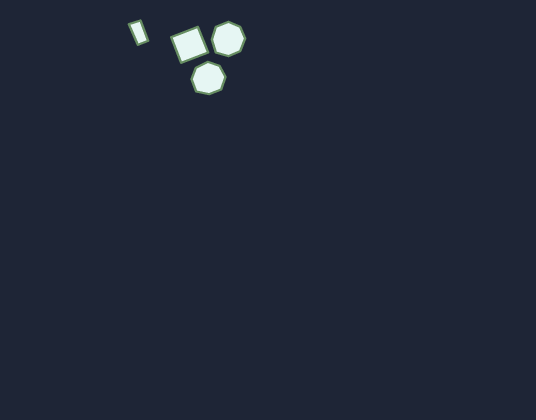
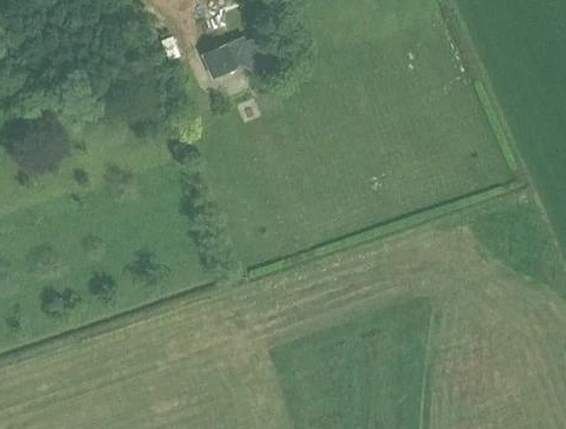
building: [192,62,225,94] -> none

